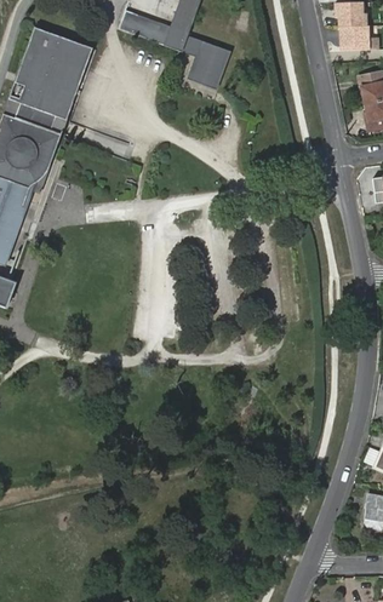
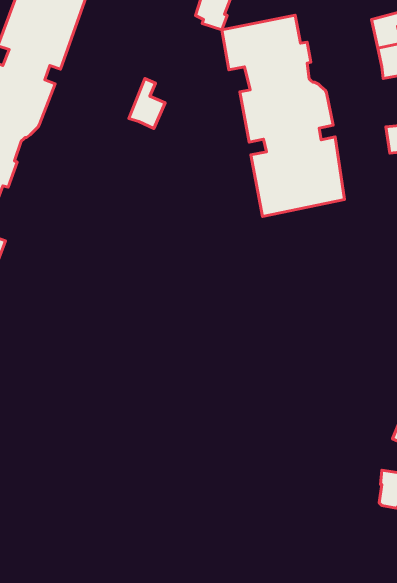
building: none -> [222,15,345,216]
building: none -> [129,79,165,128]

